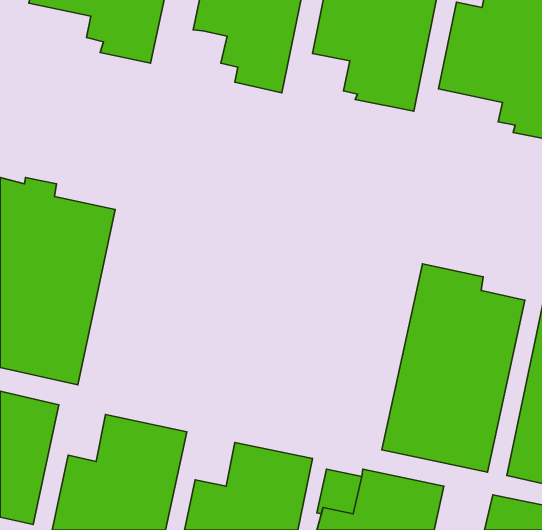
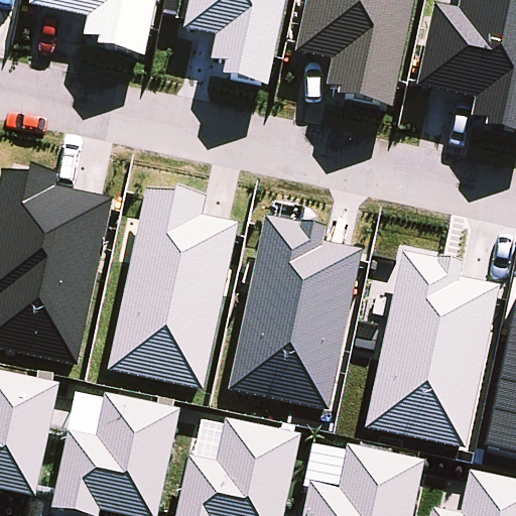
building: none -> [107,185,237,388]
building: none -> [228,213,362,407]

